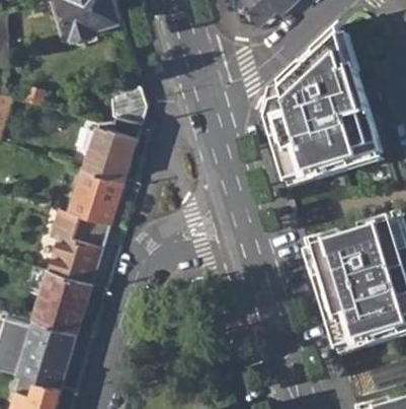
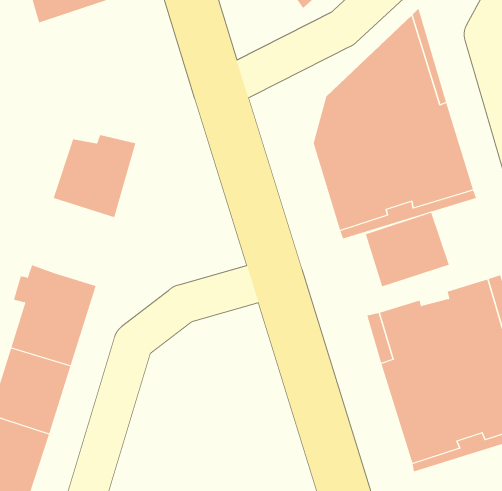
building: [108,83,145,121] -> none
building: [65,159,125,223] -> none
building: none -> [365,212,450,287]

